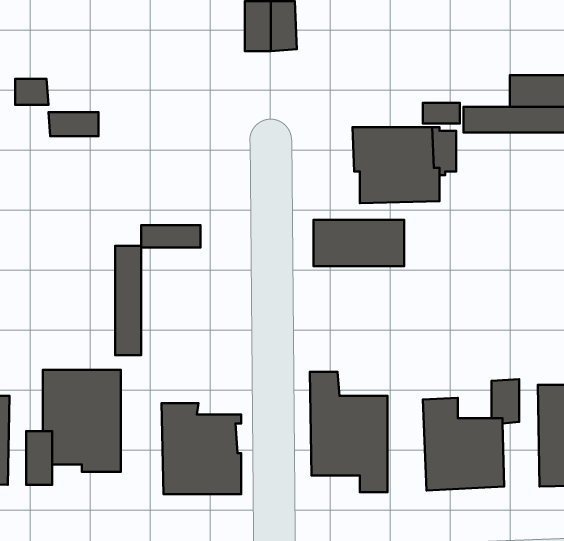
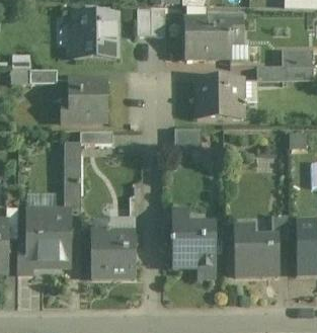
building: none -> [74,12,116,58]
building: none -> [184,16,243,57]
building: none -> [61,78,107,121]

